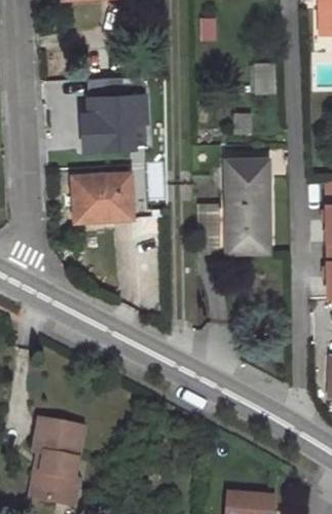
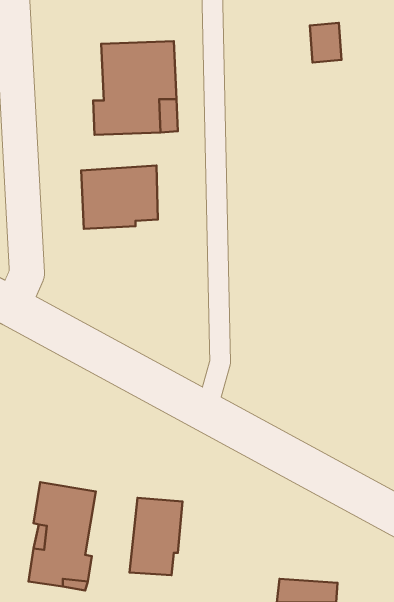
building: [225,160,268,251] -> none
building: none -> [130,498,183,575]

